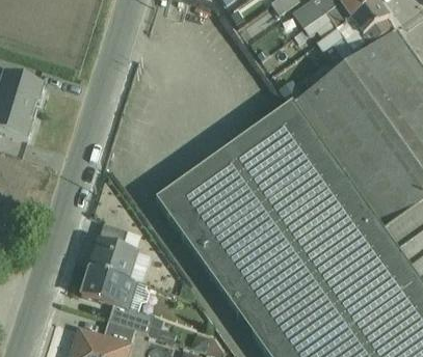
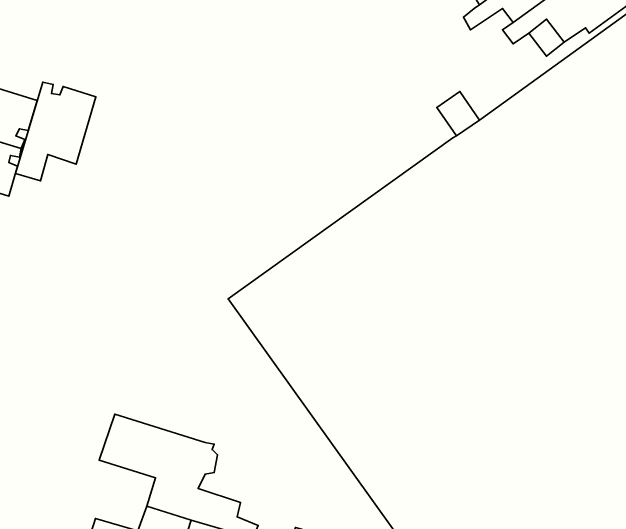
building: none -> [15,82,96,181]
building: [90,222,152,283] -> none

